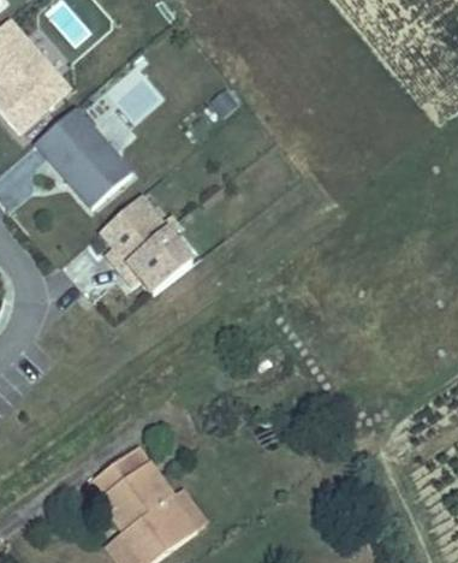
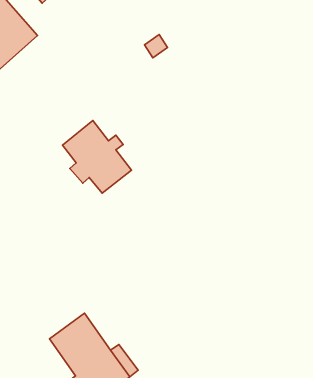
building: [36,107,132,207] -> none

